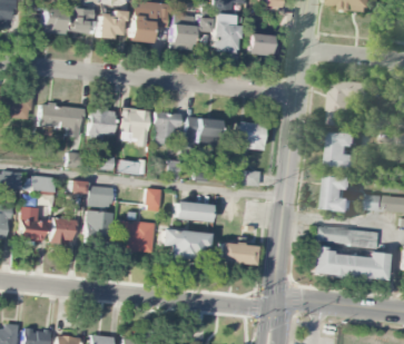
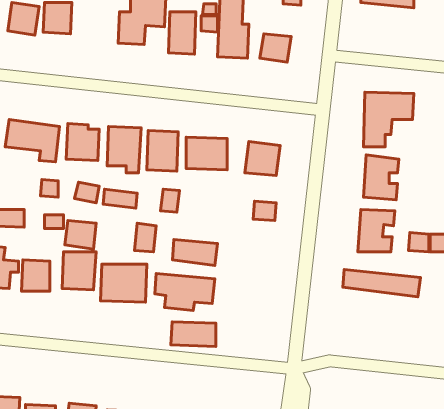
building: [99,10,125,37] -> none
building: [219,243,256,263] -> [171,322,216,346]
building: [311,249,387,279] -> none

